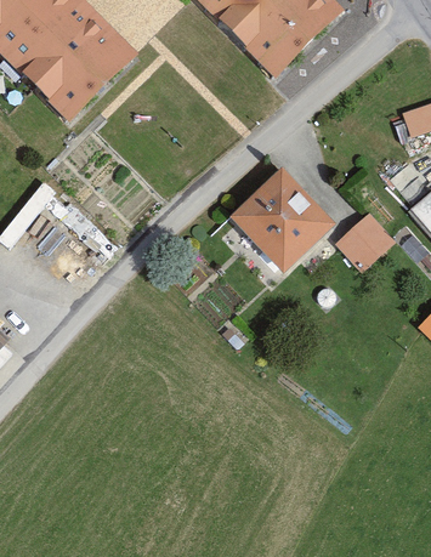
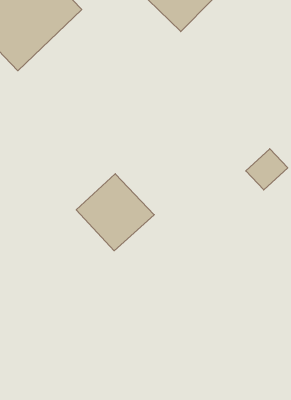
building: [237,172,331,266] -> [76,174,154,251]

